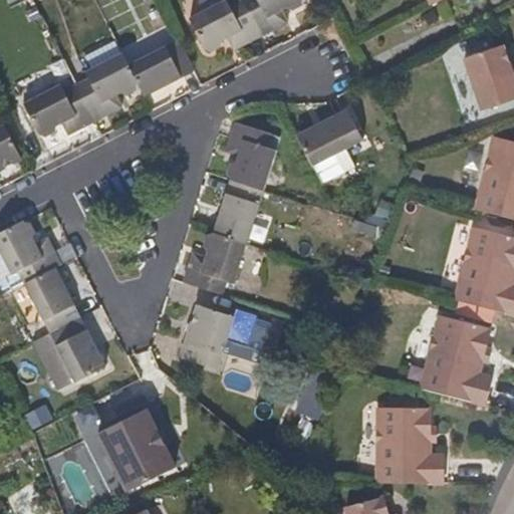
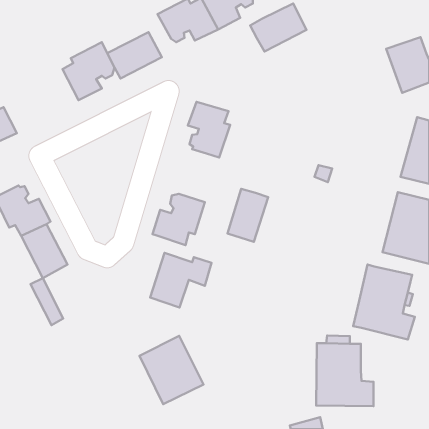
building: [22,82,93,136] -> none
building: [295,106,362,164] -> [250,4,307,52]
building: [213,178,261,241] -> [228,189,268,242]
building: [51,315,105,379] -> none
building: [97,407,174,488] -> [139,336,203,404]

